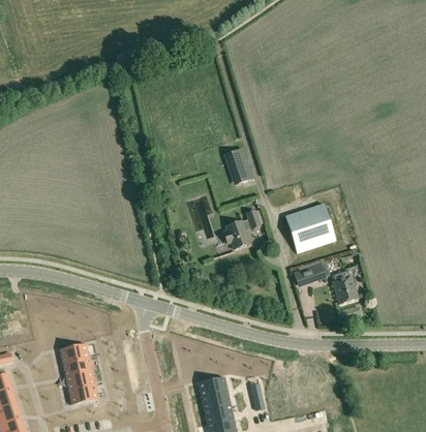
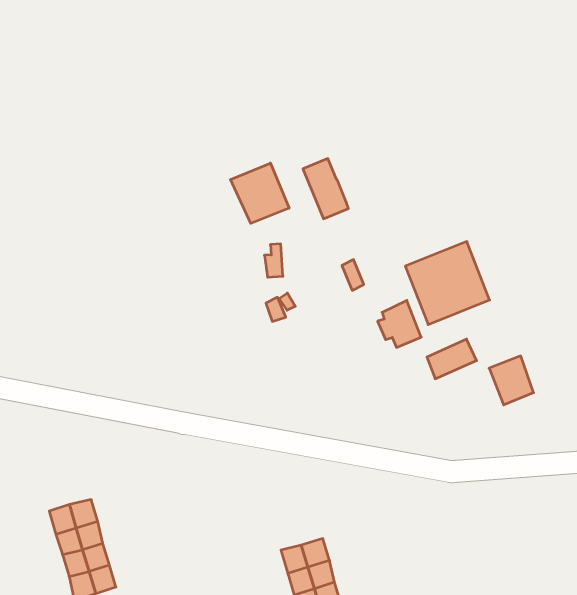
building: none -> [230,163,289,223]
building: [223,220,249,248] -> [378,300,421,347]

